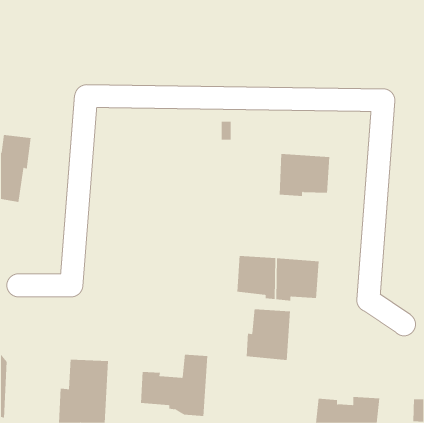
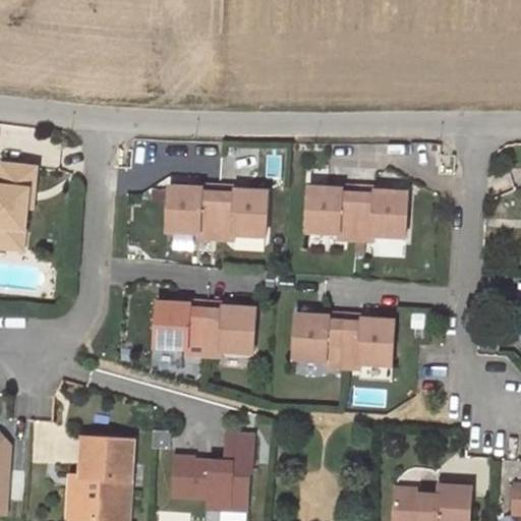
building: none -> [166,185,266,240]
building: none -> [305,186,344,239]
building: none -> [153,301,254,356]
building: [246,309,290,361] -> none

